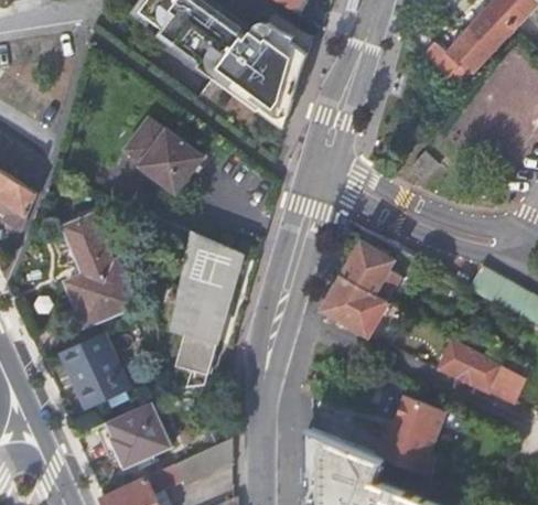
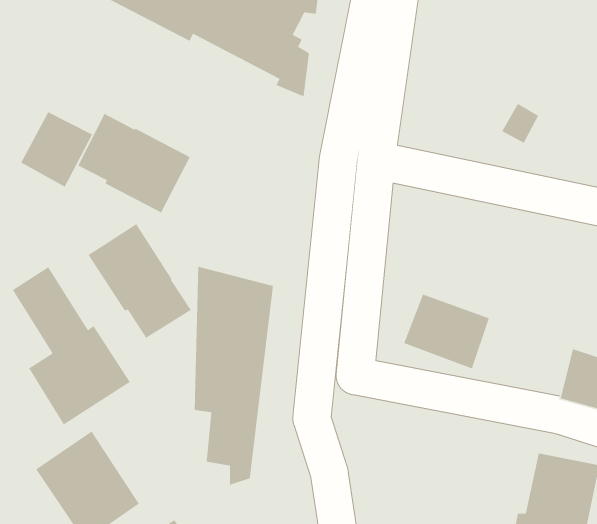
building: none -> [20,111,93,188]
building: none -> [88,223,192,339]
building: [343,244,400,301] -> none

